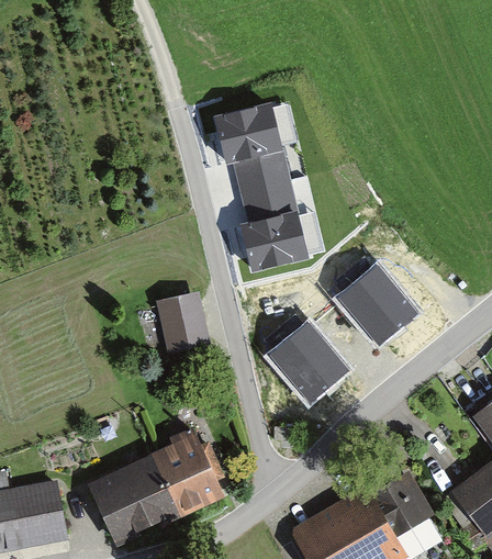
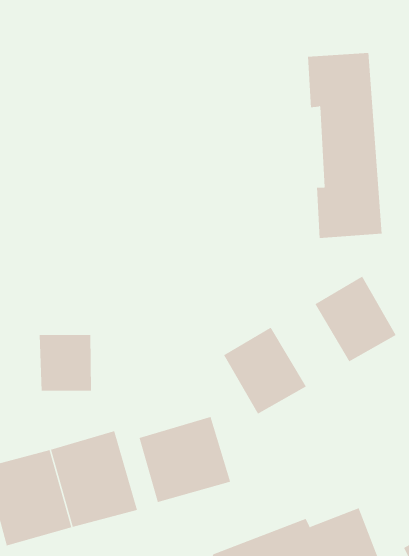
building: [219,108,308,271] -> [307,53,382,239]
building: [156,295,209,350] -> [39,335,92,391]
building: none -> [139,416,231,503]

